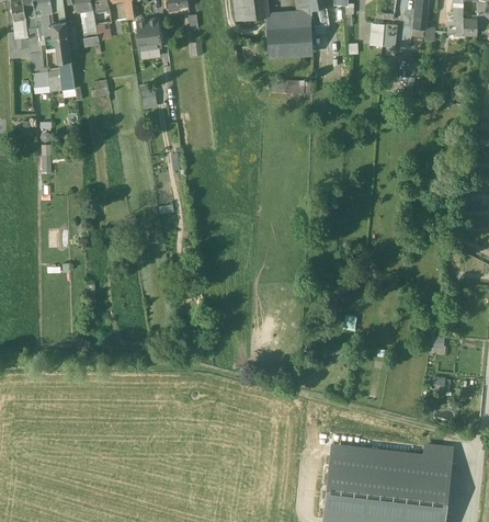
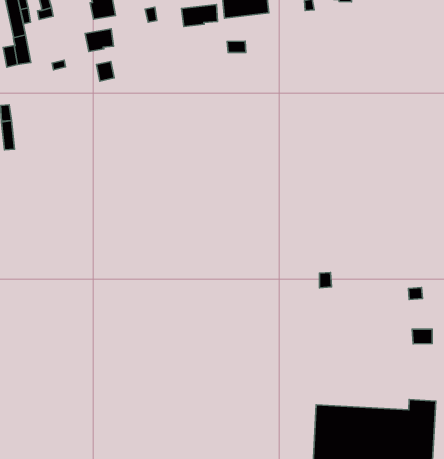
building: none -> [181,4,218,26]
building: none -> [85,29,113,51]

